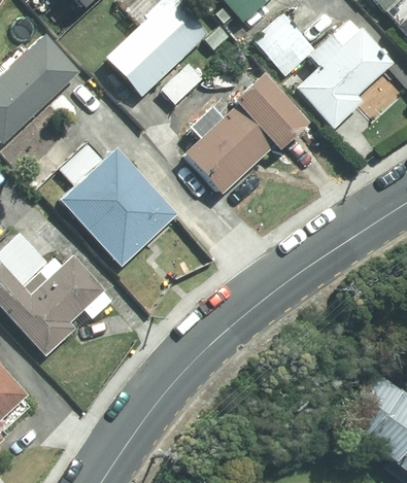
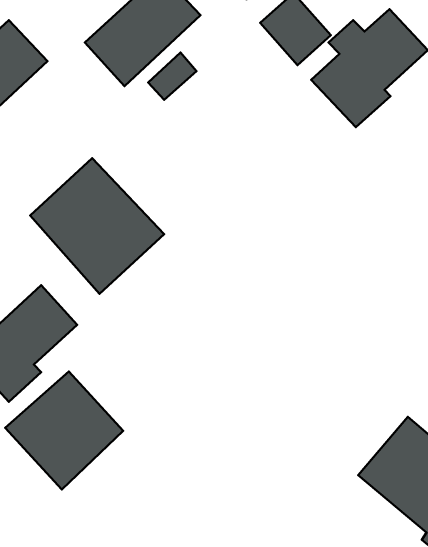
building: [186,76,306,194] -> none
building: none -> [5,372,123,489]

